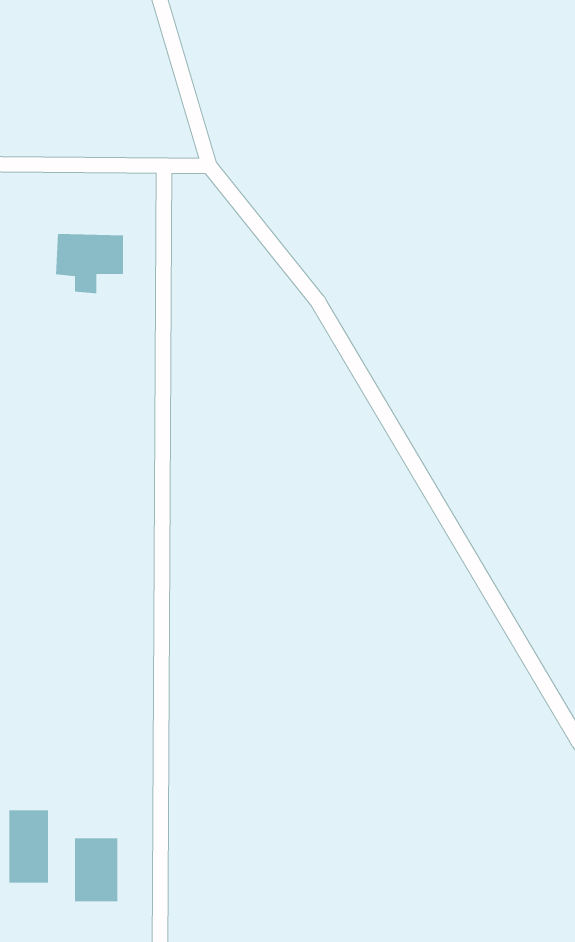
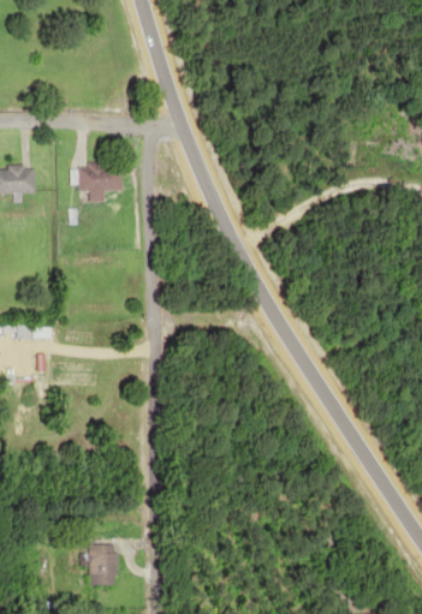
building: [9,810,49,883] -> none

